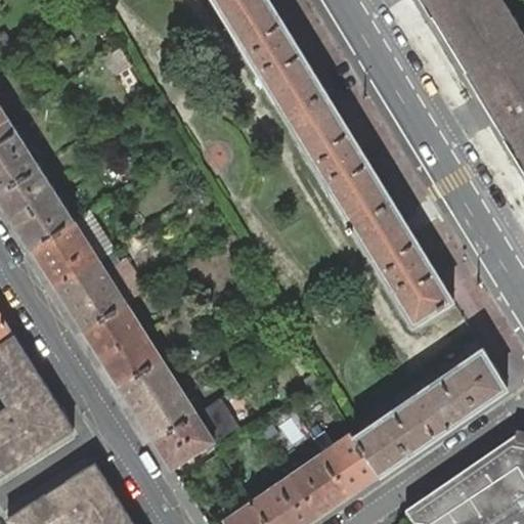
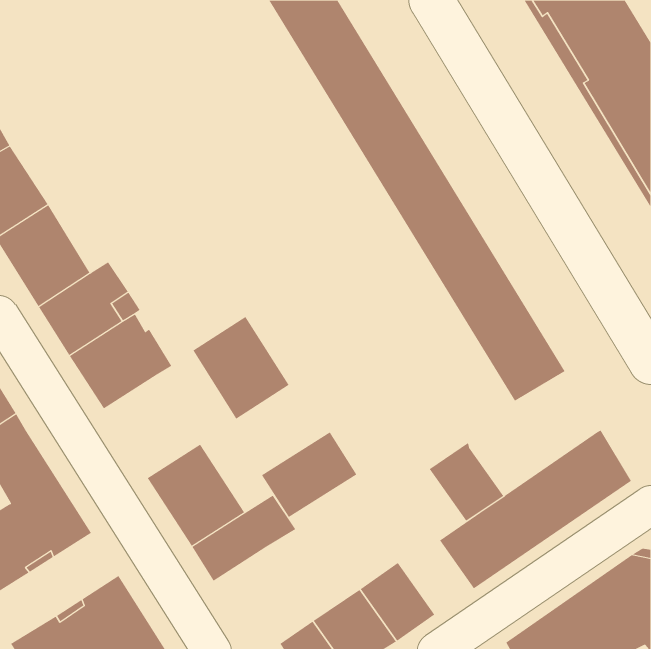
building: [83,303,161,386] -> [192,316,289,419]
building: none -> [261,432,357,518]
building: [319,432,380,495] -> [429,442,504,521]

